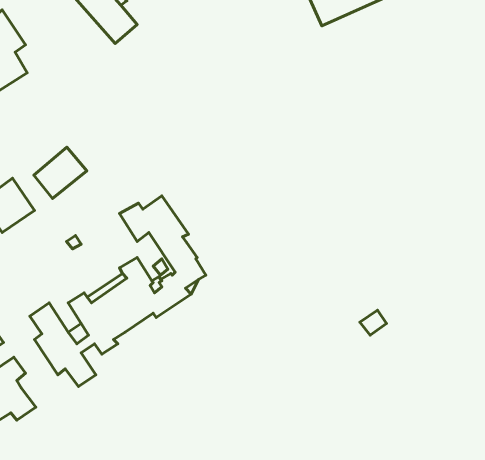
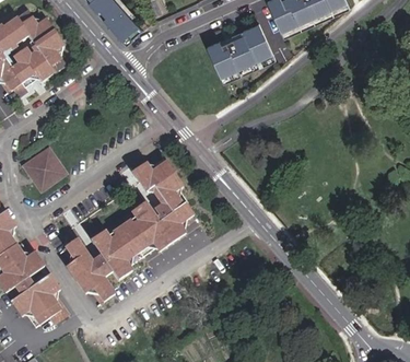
building: none -> [206,23,274,84]
building: [34,147,87,199] -> none

